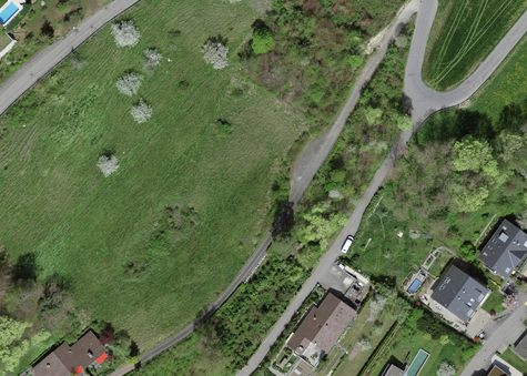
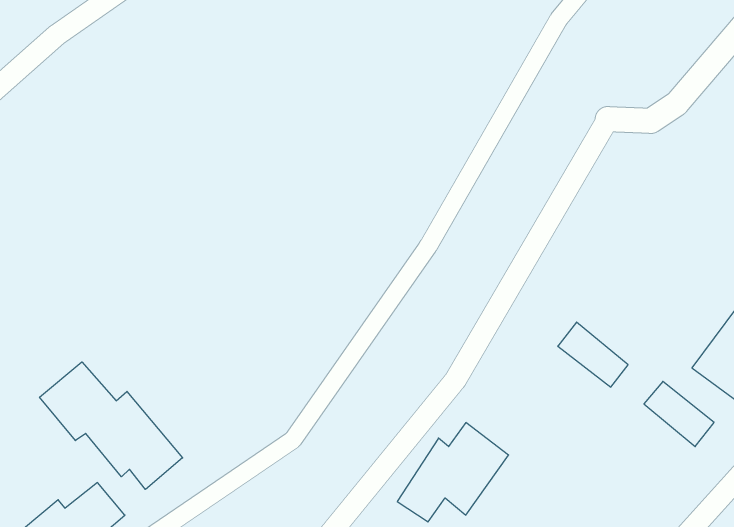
building: none -> [40,362,183,489]
building: [432,281,477,323] -> [558,322,628,387]

